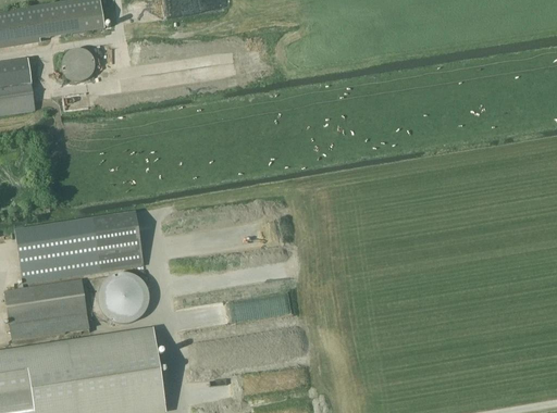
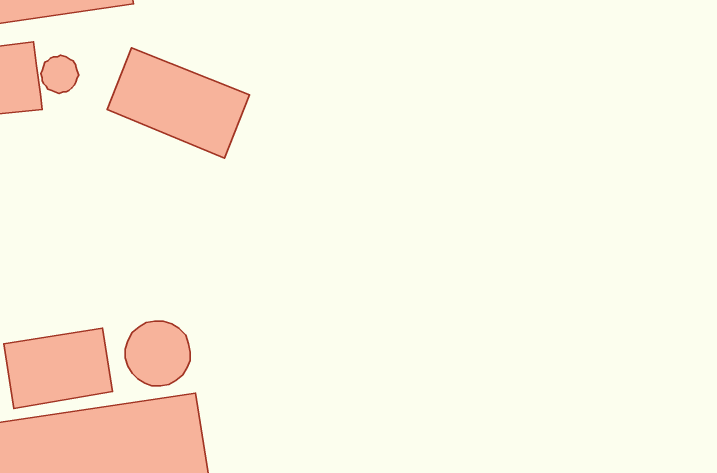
building: [64,51,94,80] -> [41,55,79,93]
building: none -> [107,48,249,158]
building: [14,211,143,284] -> none

